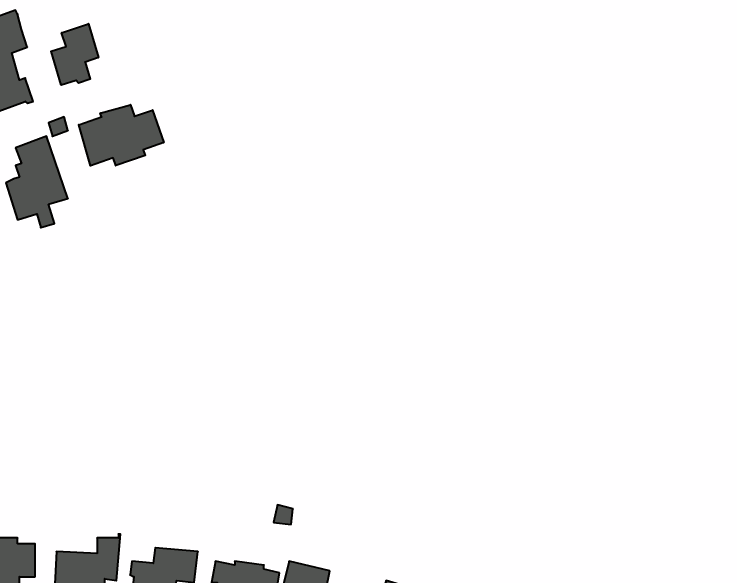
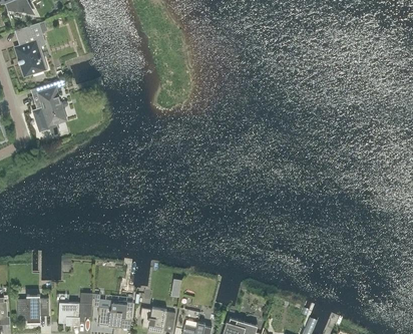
building: [51,24,98,85] -> none
building: [79,105,164,166] -> none

